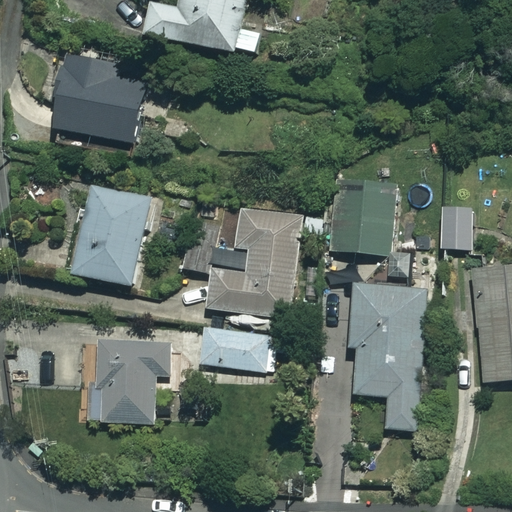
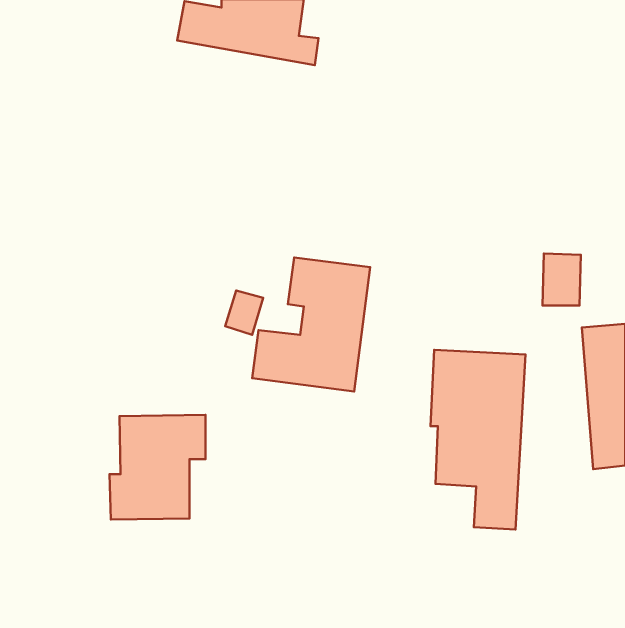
building: [52,54,144,141] -> none
building: [331,184,393,254] -> none
building: [72,185,149,284] -> none
building: [200,329,293,372] -> none

